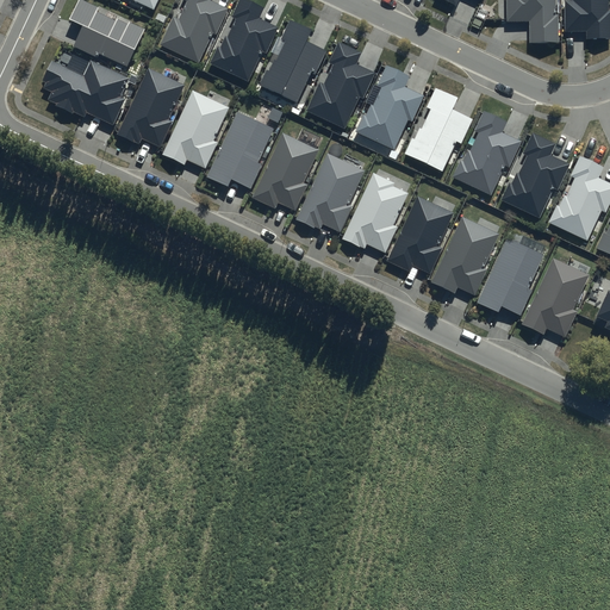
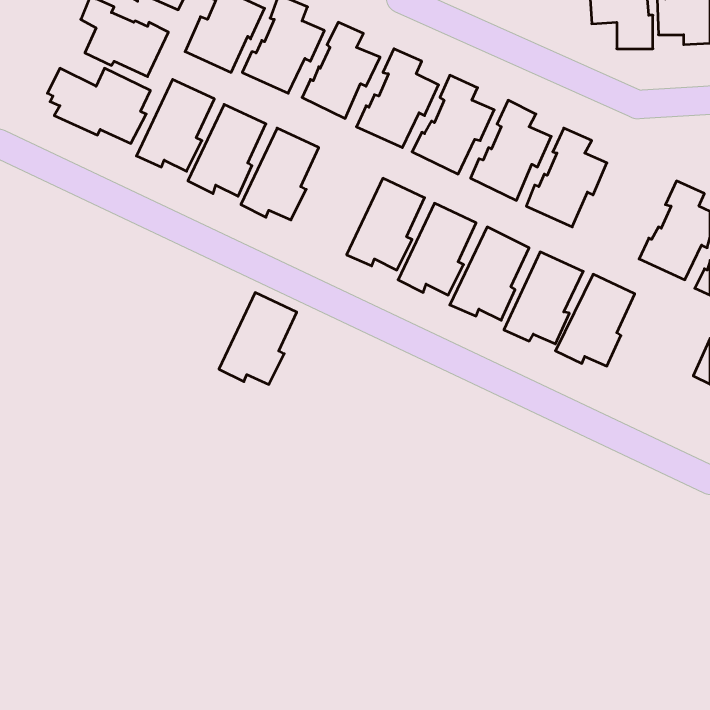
building: [251,131,318,210] -> [219,293,297,384]
building: [499,131,568,216] -> none
building: [521,257,589,336] -> none

